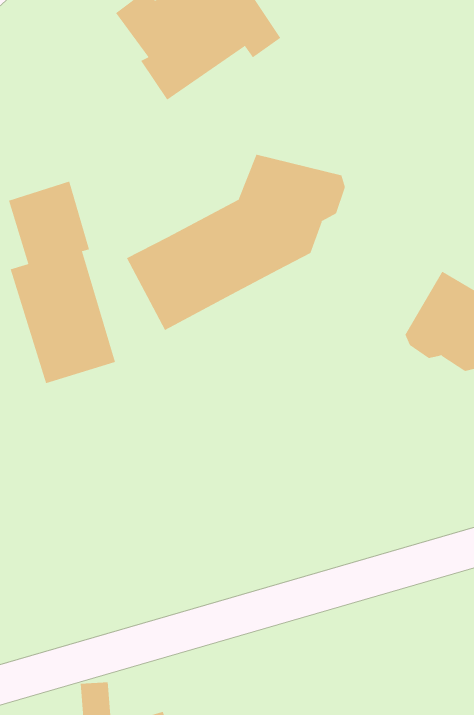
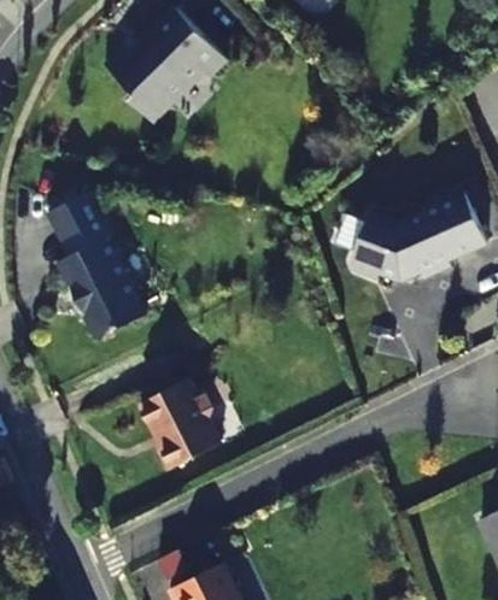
building: [126,154,345,331] -> none
building: none -> [140,381,221,472]

